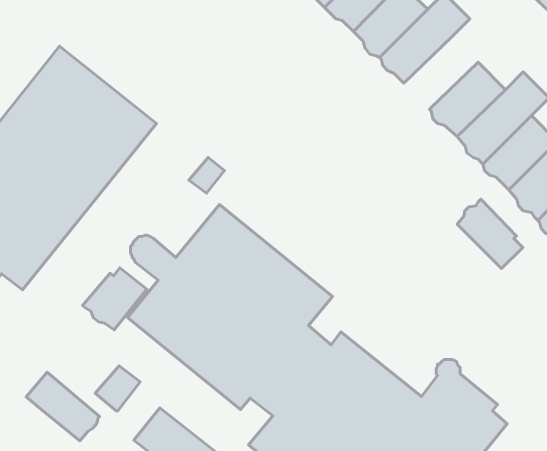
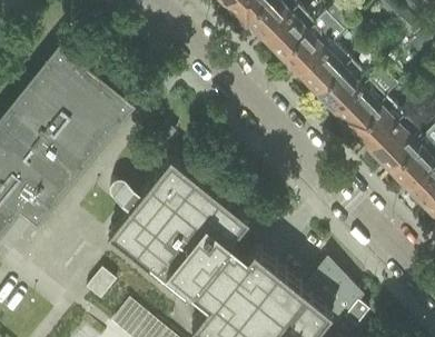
building: none -> [300,48,352,98]
building: [457,199,523,269] -> none
building: [83,268,147,330] -> none
building: [26,372,100,441] -> none

